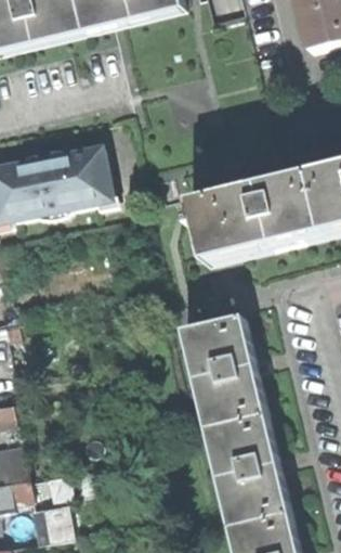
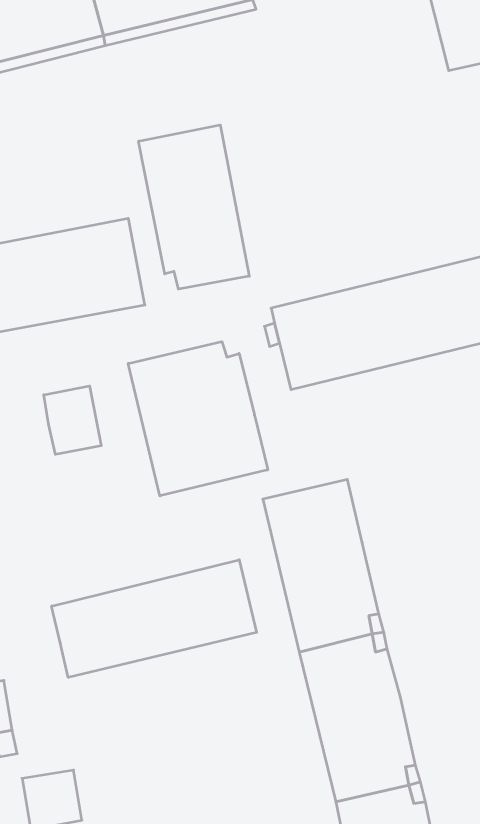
building: none -> [139,125,249,289]
building: none -> [128,342,268,496]
building: none -> [44,386,101,454]
building: none -> [52,560,257,677]

